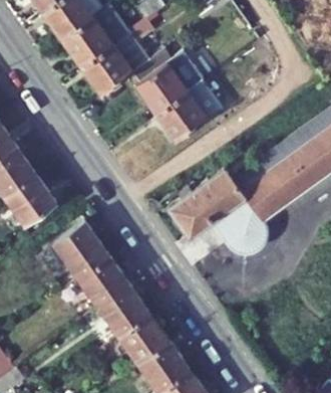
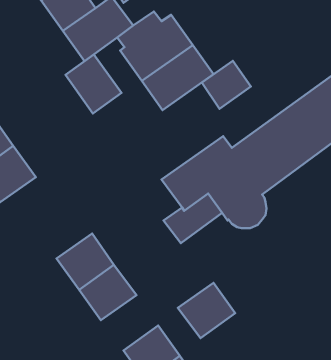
building: none -> [65,55,121,113]
building: none -> [202,61,251,109]
building: [52,222,109,279] -> none
building: [117,314,171,365] -> [178,283,235,338]

